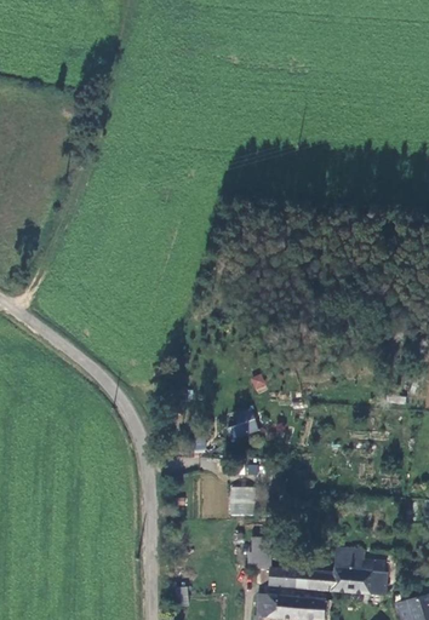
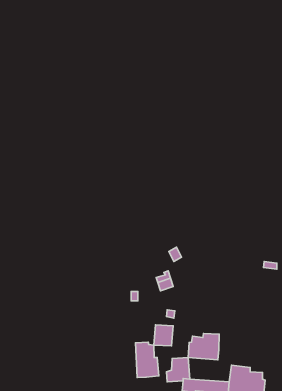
building: none -> [188,334,219,360]
building: none -> [135,342,159,377]

